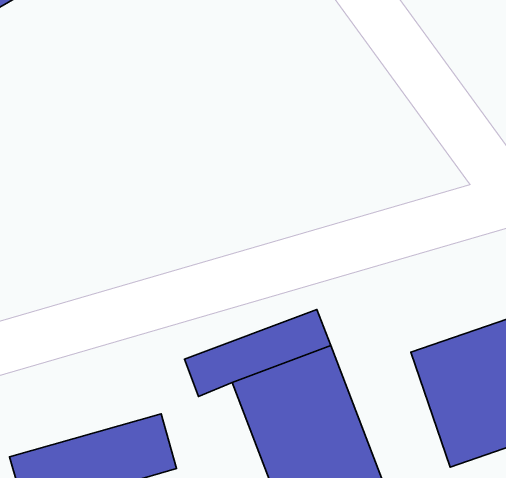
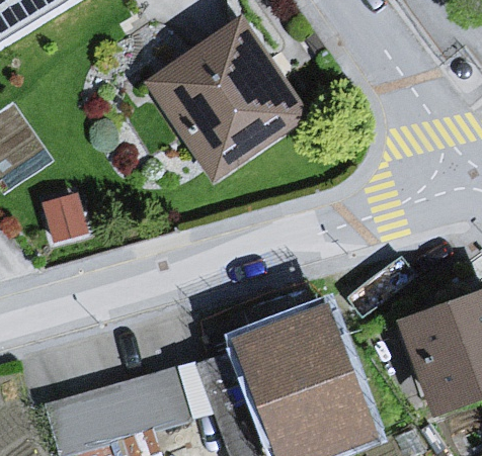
building: none -> [148,19,311,182]

